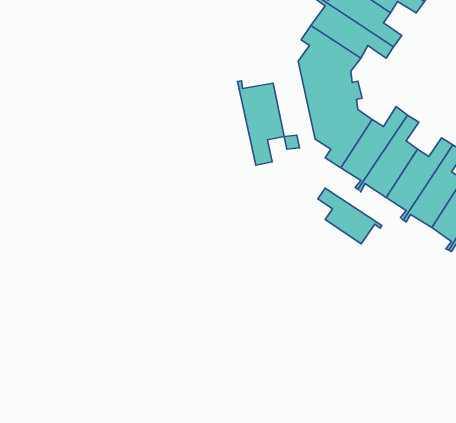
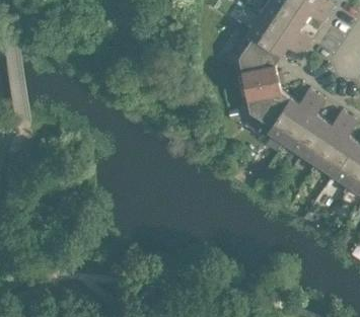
building: [237,81,284,165] -> none
building: [318,188,382,244] -> none

